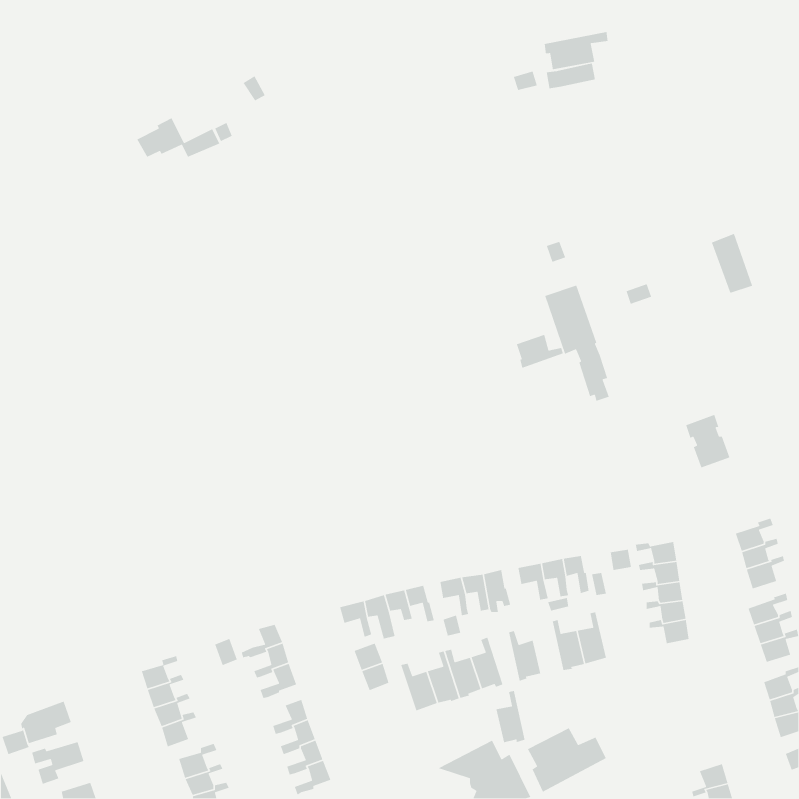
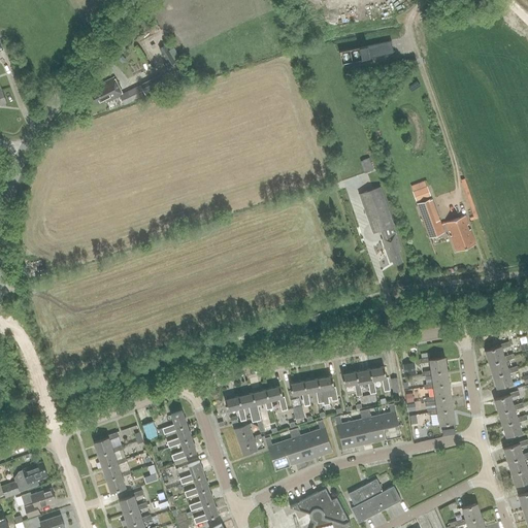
building: [544,31,608,70] -> none
building: [711,233,753,294] -> [417,198,444,238]
building: [516,334,564,369] -> none
building: [685,414,730,469] -> [446,216,475,252]
building: [496,690,525,743] -> [352,409,371,444]

